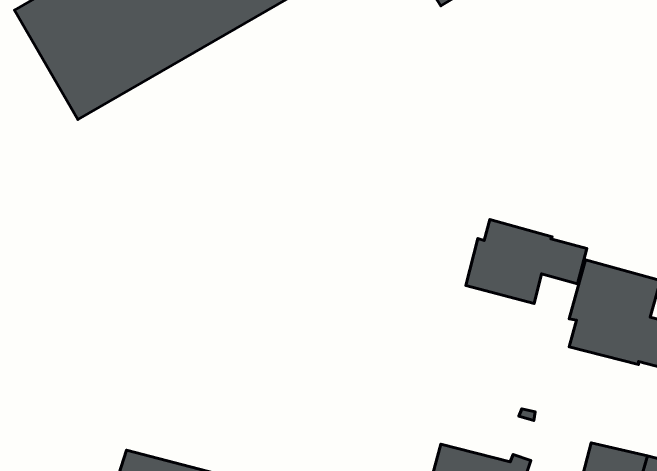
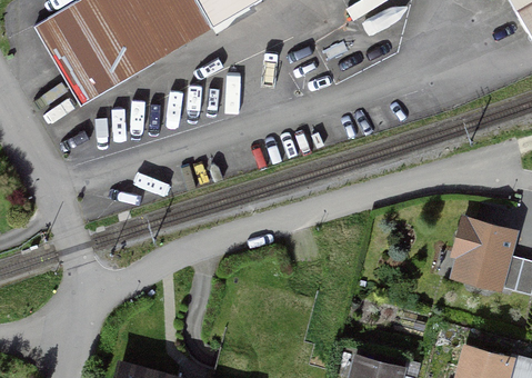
building: [466,219,587,303] -> none

